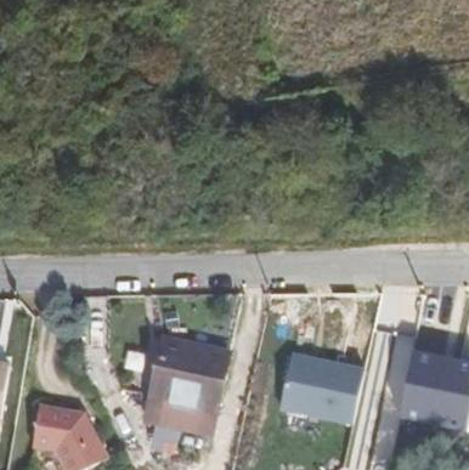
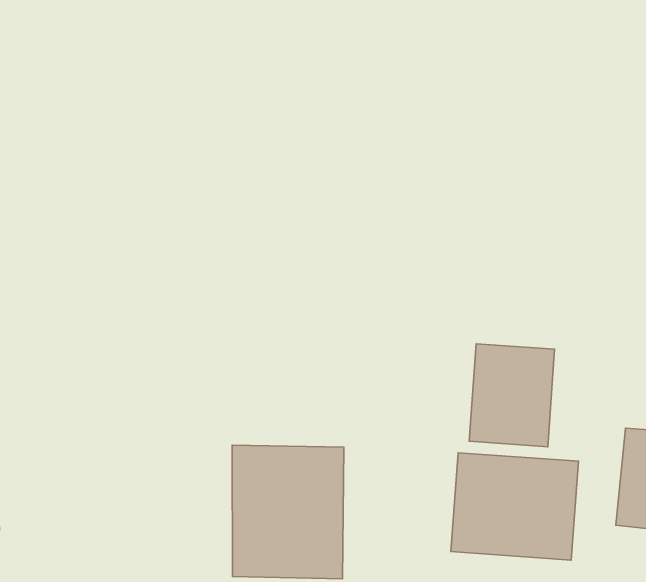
building: none -> [469,344,555,447]

